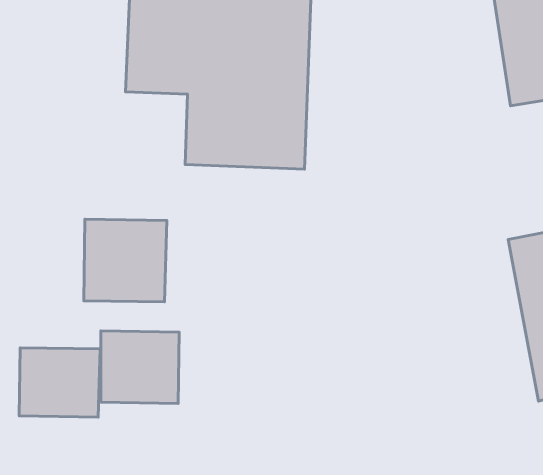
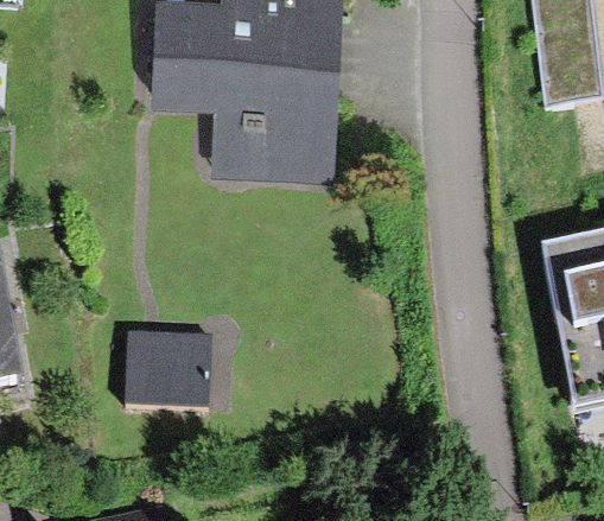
building: [84,219,167,302] -> none
building: [19,348,100,417] -> none

